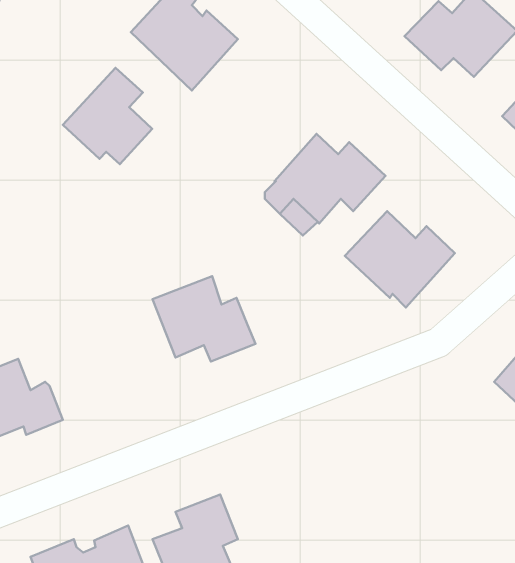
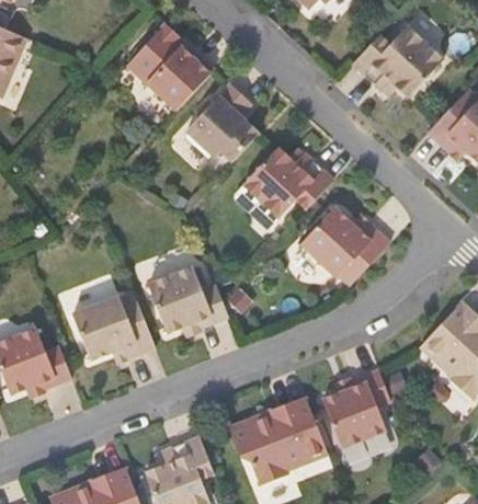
building: [63,68,152,164] -> [186,83,259,161]
building: none -> [72,293,156,359]
building: none -> [323,369,392,453]
building: none -> [229,403,328,484]

